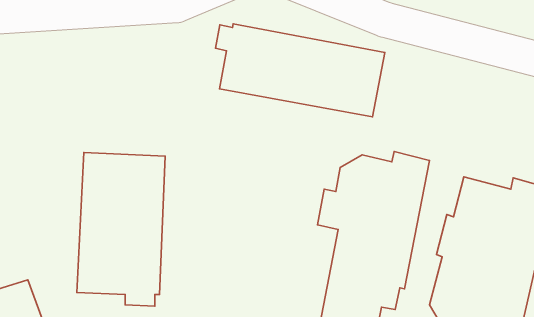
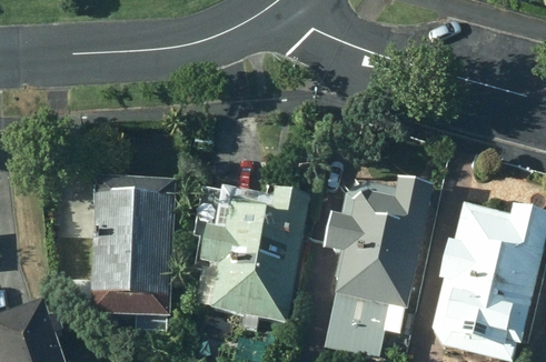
building: [215,24,385,117] -> none
building: none -> [191,188,310,324]

